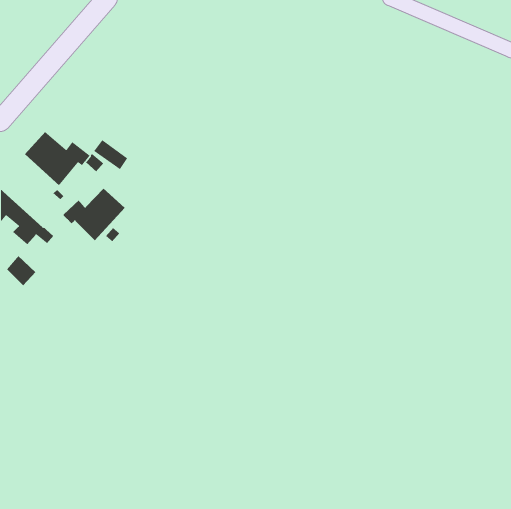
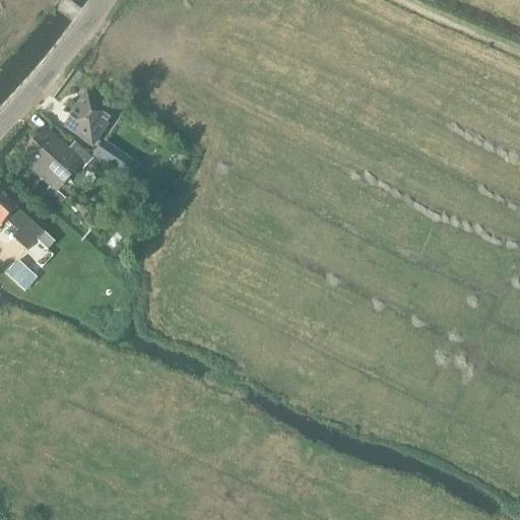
building: none -> [65,91,115,143]
building: [63,188,125,241] -> none

